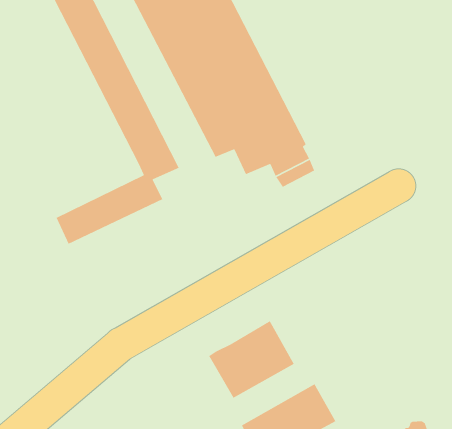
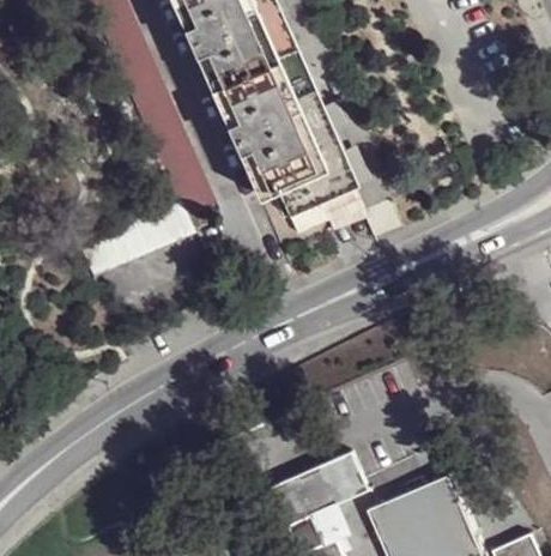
building: [208,320,295,399] -> none

